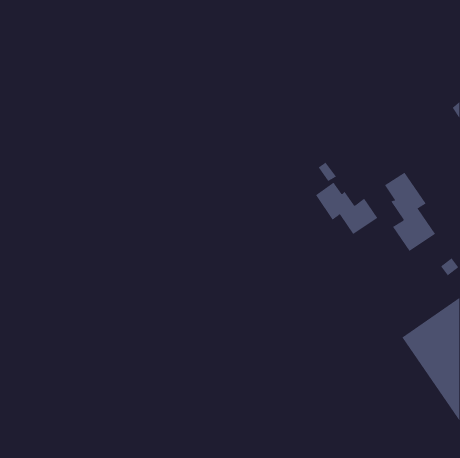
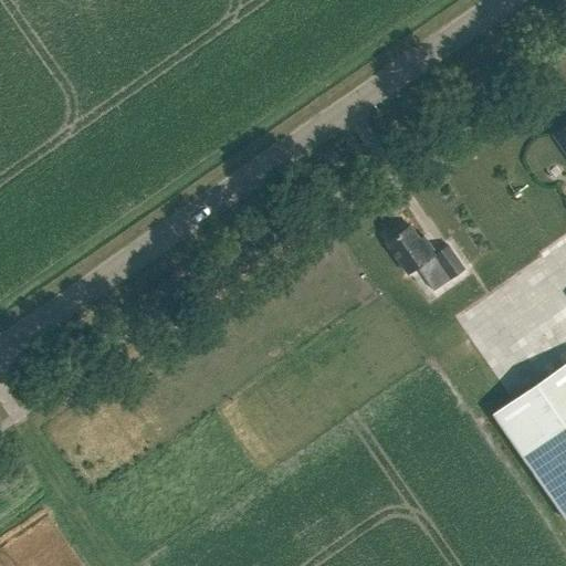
building: [384,172,436,252] -> none

